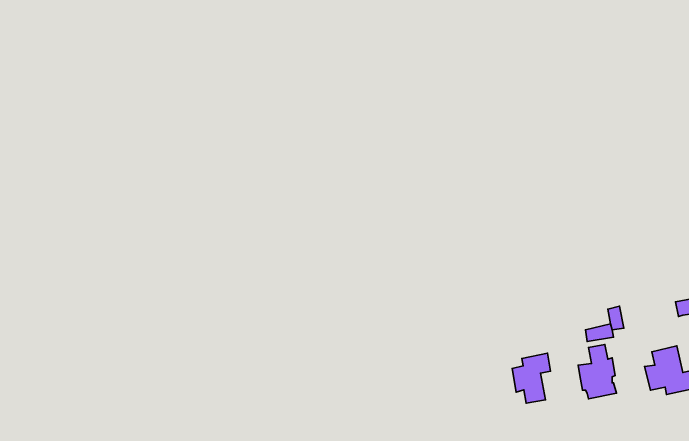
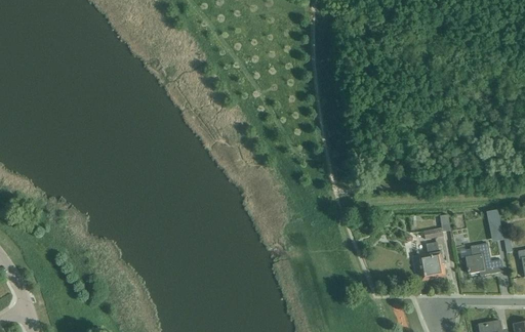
building: [512,353,551,403] -> none

